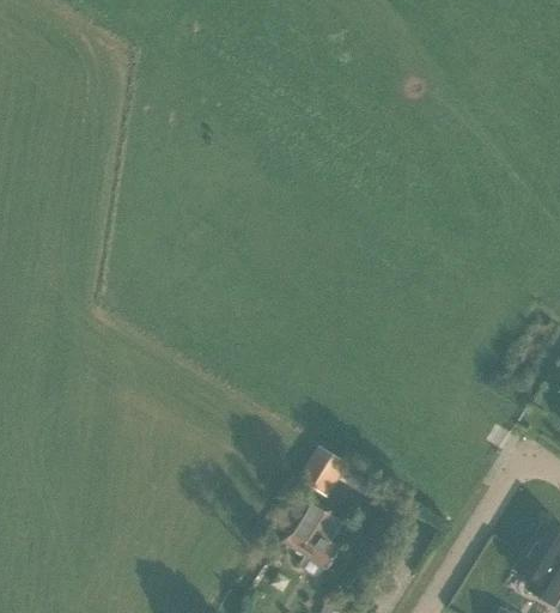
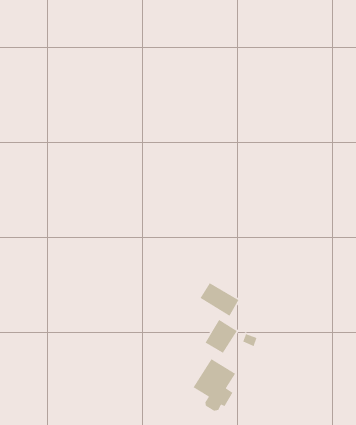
building: none -> [199,282,240,317]

